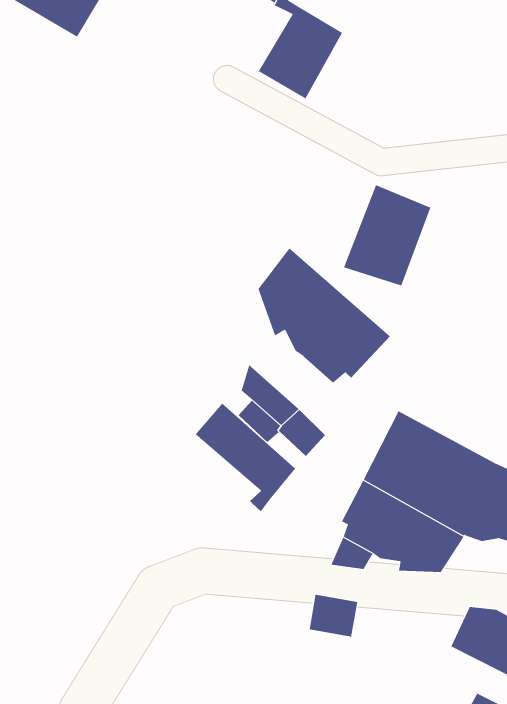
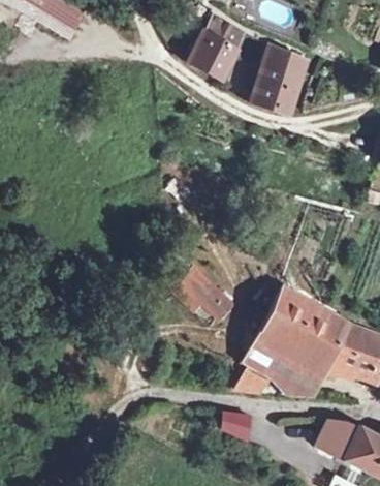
building: [343,184,431,286] -> [249,45,308,114]
building: [258,247,391,384] -> none
building: [195,403,296,512] -> none

